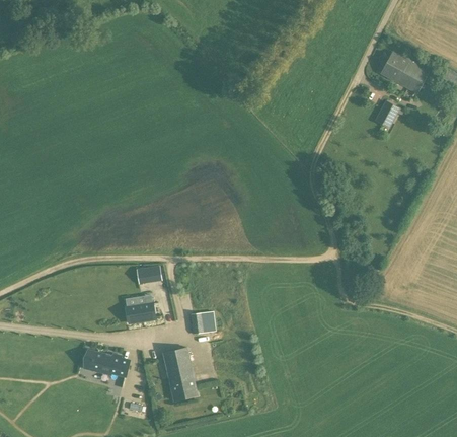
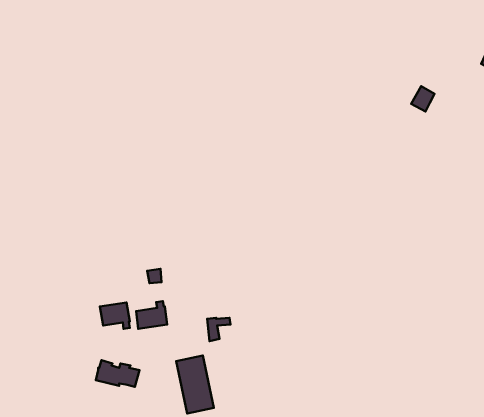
building: [380,51,429,92] -> none
building: none -> [100,303,130,329]

